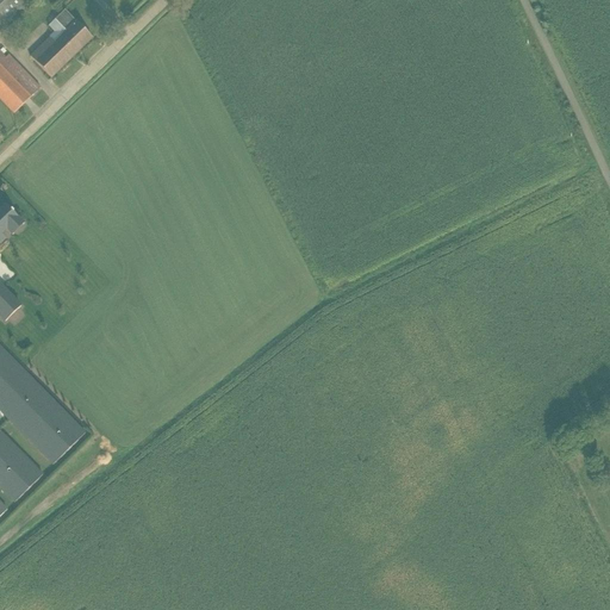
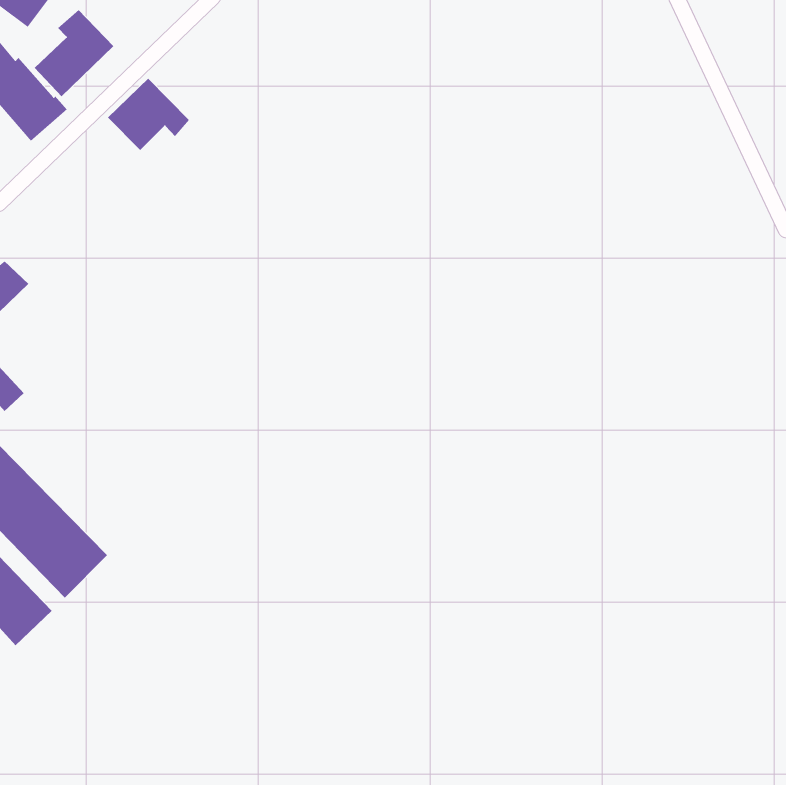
building: none -> [107,78,190,151]

